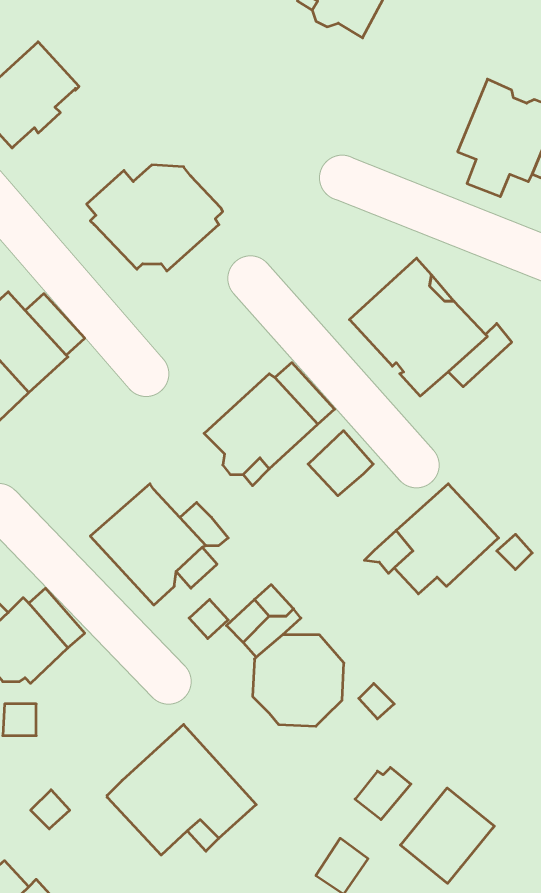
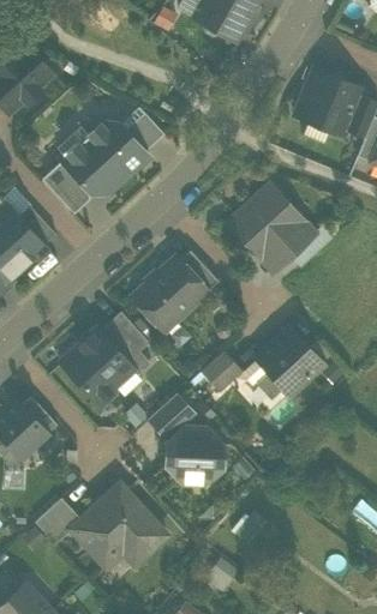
building: none -> [125,113,163,151]
building: none -> [43,162,90,213]
building: [308,431,373,496] -> [201,350,243,392]
building: none -> [101,313,148,350]
building: none -> [35,498,80,544]
building: [400,788,494,883] -> none

